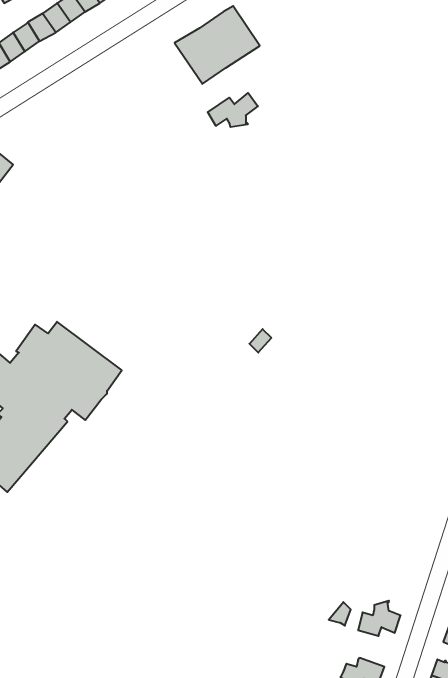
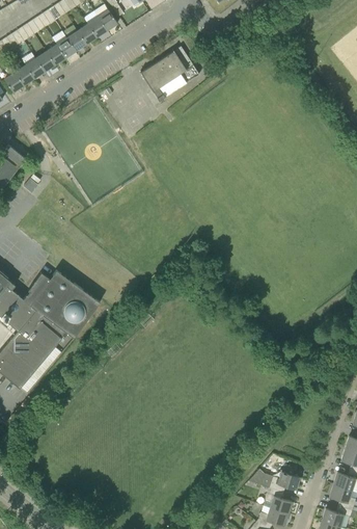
building: [208,93,258,127] -> none
building: none -> [263,487,292,513]

